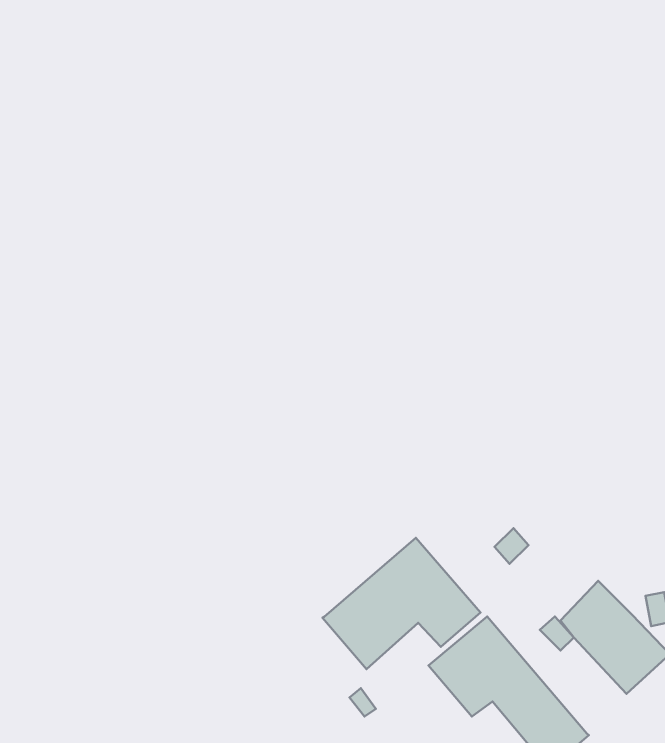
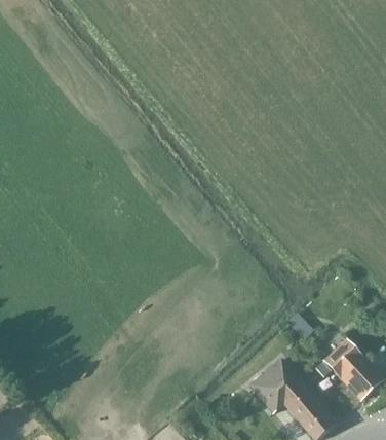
building: [323,538,481,669] -> none

